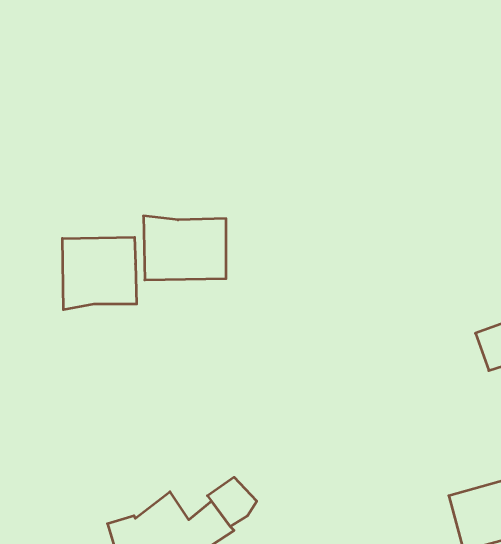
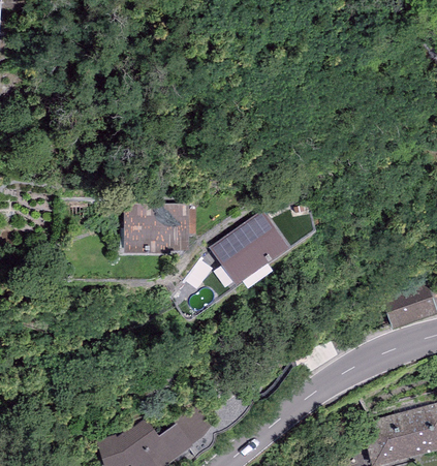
building: none -> [211,214,289,290]
building: [62,237,137,310] -> none

